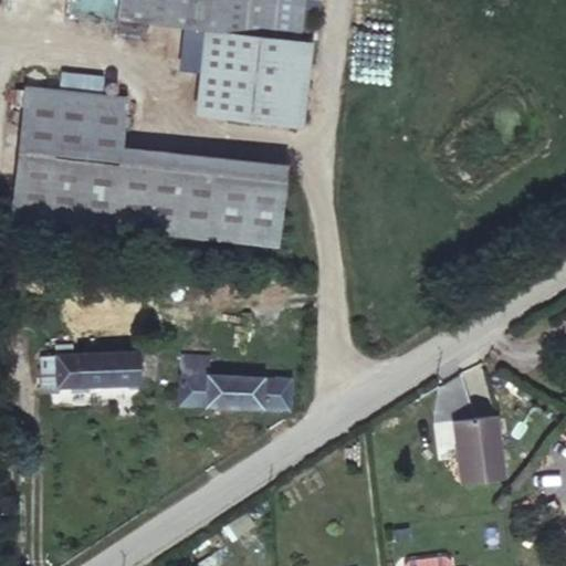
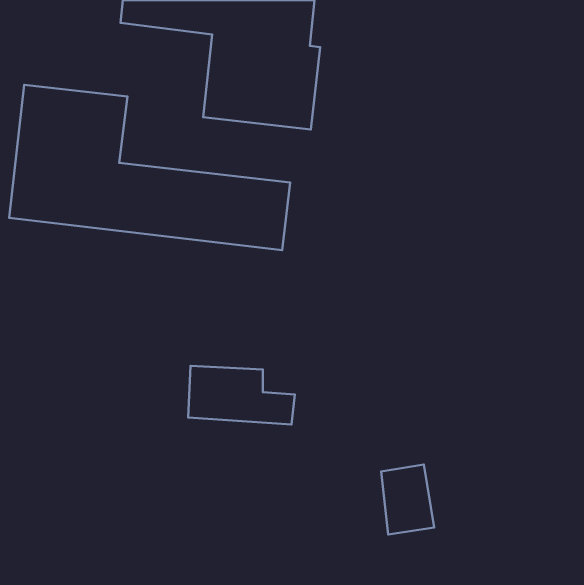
building: [50,350,139,389] -> none
building: [459,415,510,482] -> [381,465,434,535]

